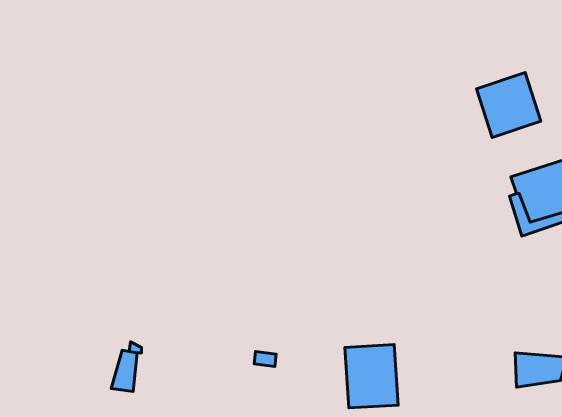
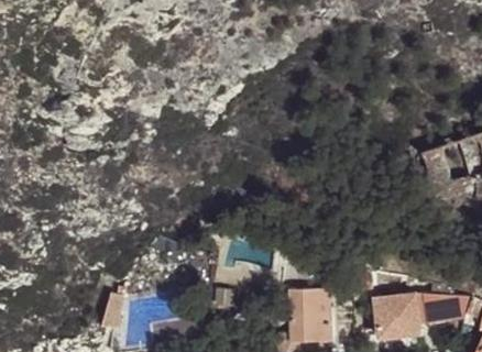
building: [476,73,541,137] -> none
building: none -> [373,295,419,336]

